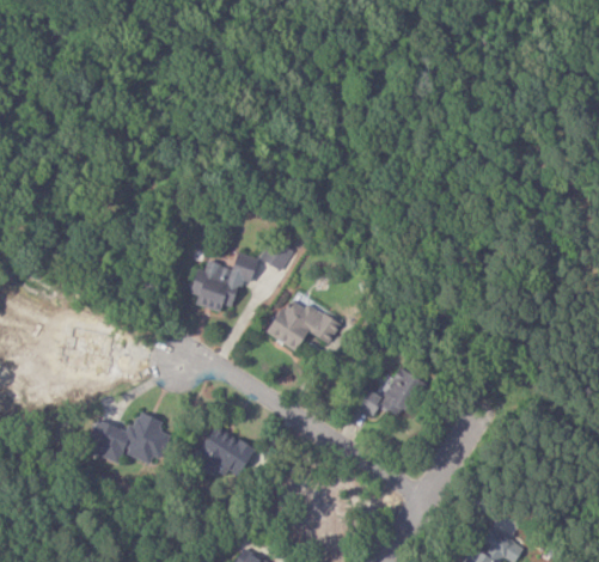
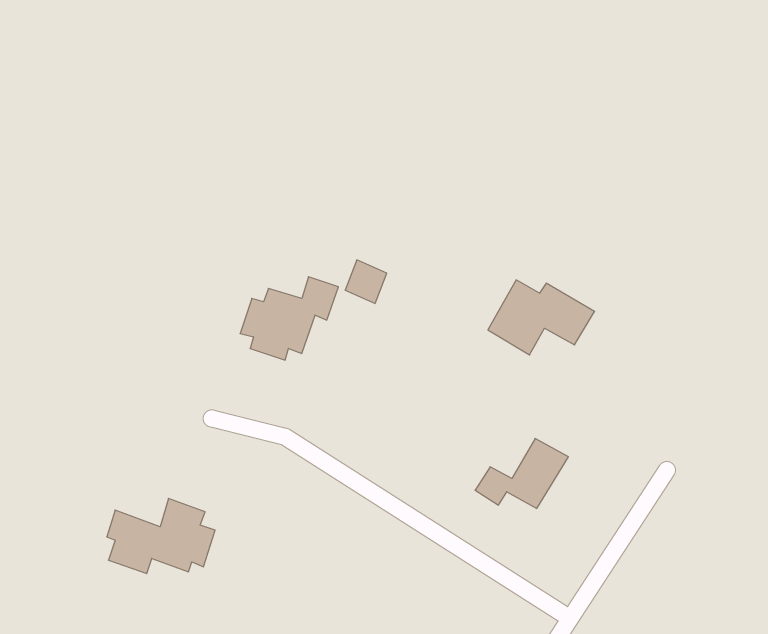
building: [267,297,343,350] -> [488,280,595,355]
building: [192,424,255,479] -> none

